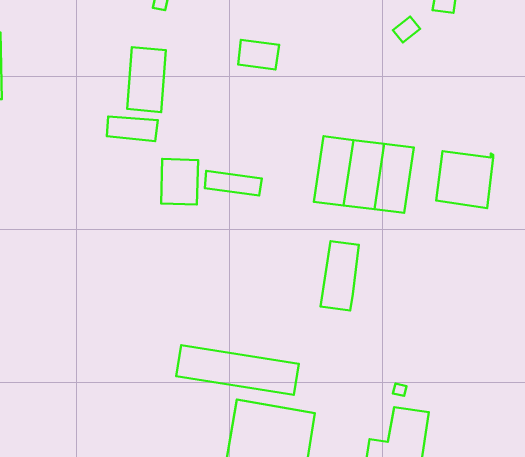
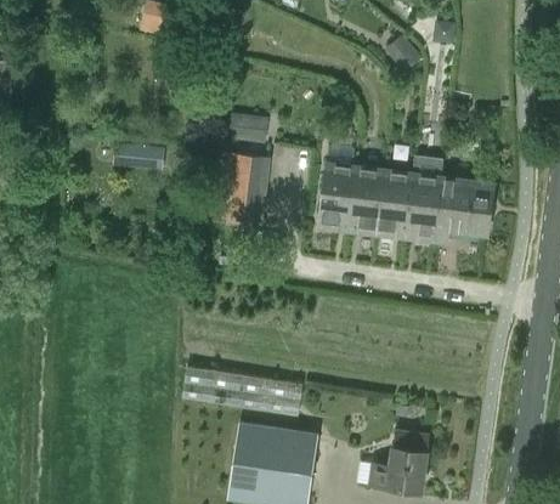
building: [238,40,279,69] -> [227,113,267,142]
building: [127,47,166,112] -> none
building: [161,159,198,205] -> [232,151,268,196]
building: [320,241,359,310] -> [405,174,442,242]

